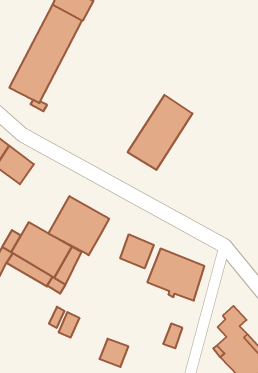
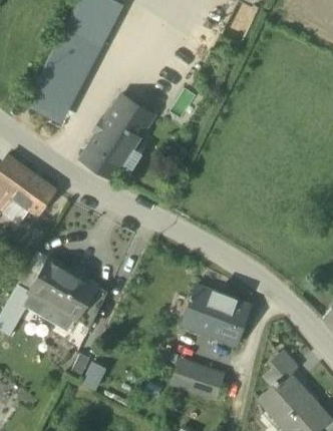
building: [128,95,193,170] -> [80,94,154,179]
building: [48,196,109,255] -> none
building: [120,234,154,268] -> none
building: [99,339,128,367] -> [178,363,211,395]

